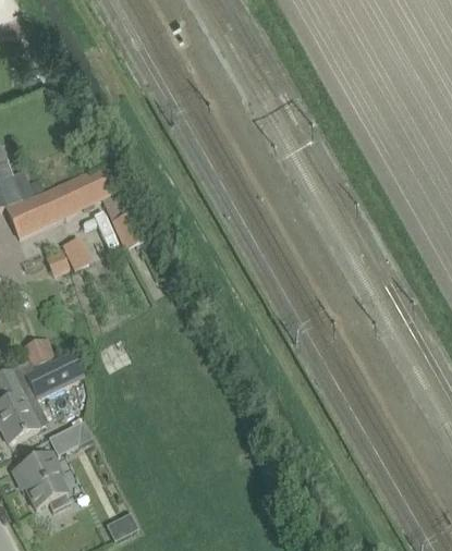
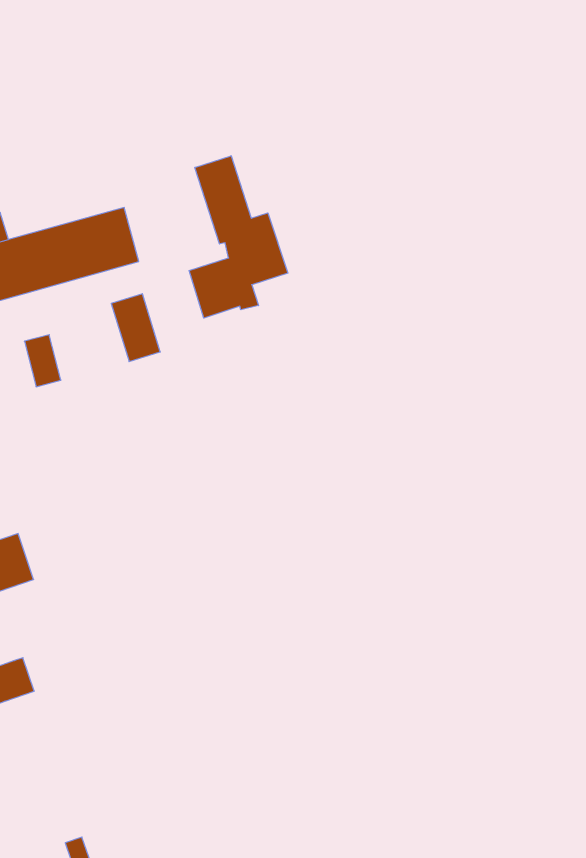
building: none -> [189,156,288,318]

